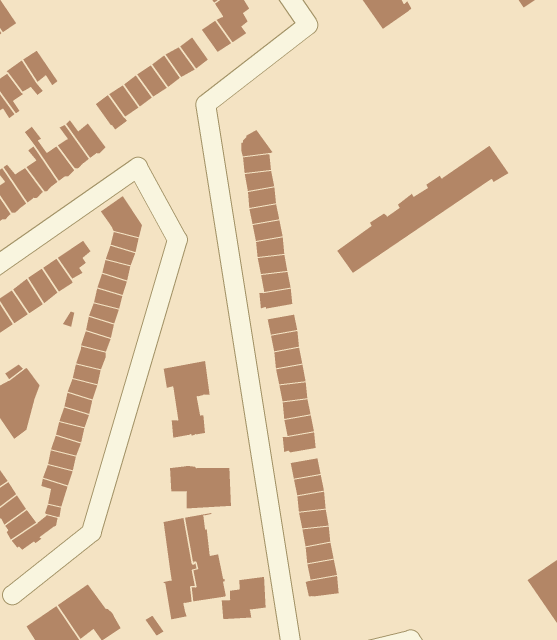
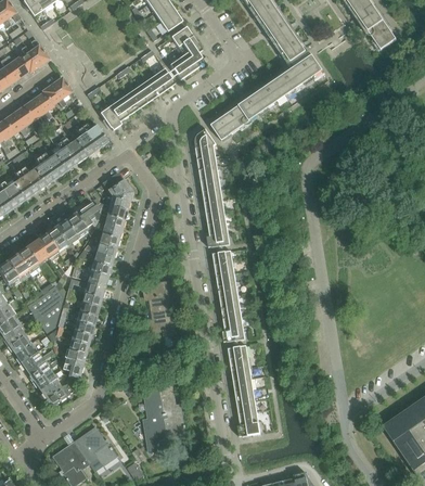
building: [336,145,510,274] -> [211,55,325,140]
building: [169,465,231,509] -> none
building: [221,576,266,620] -> none

